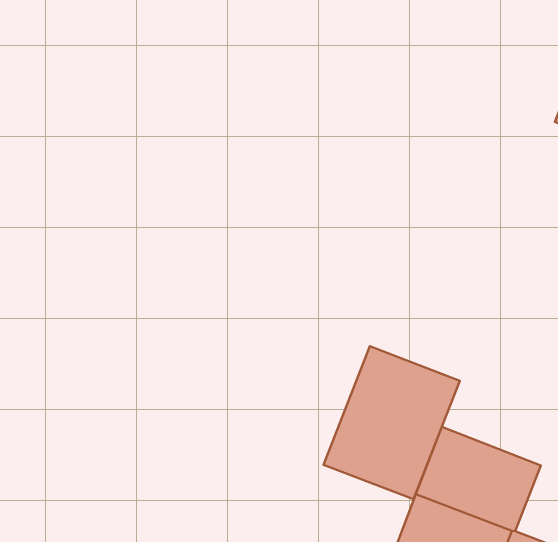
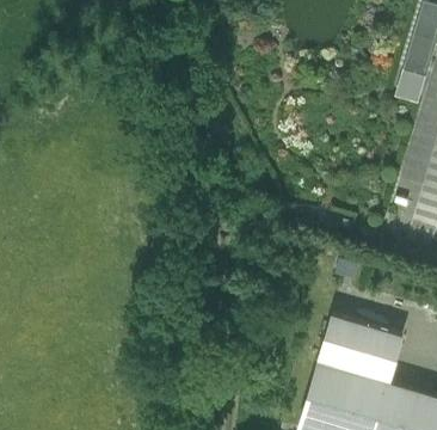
building: [324,346,460,499] -> none

